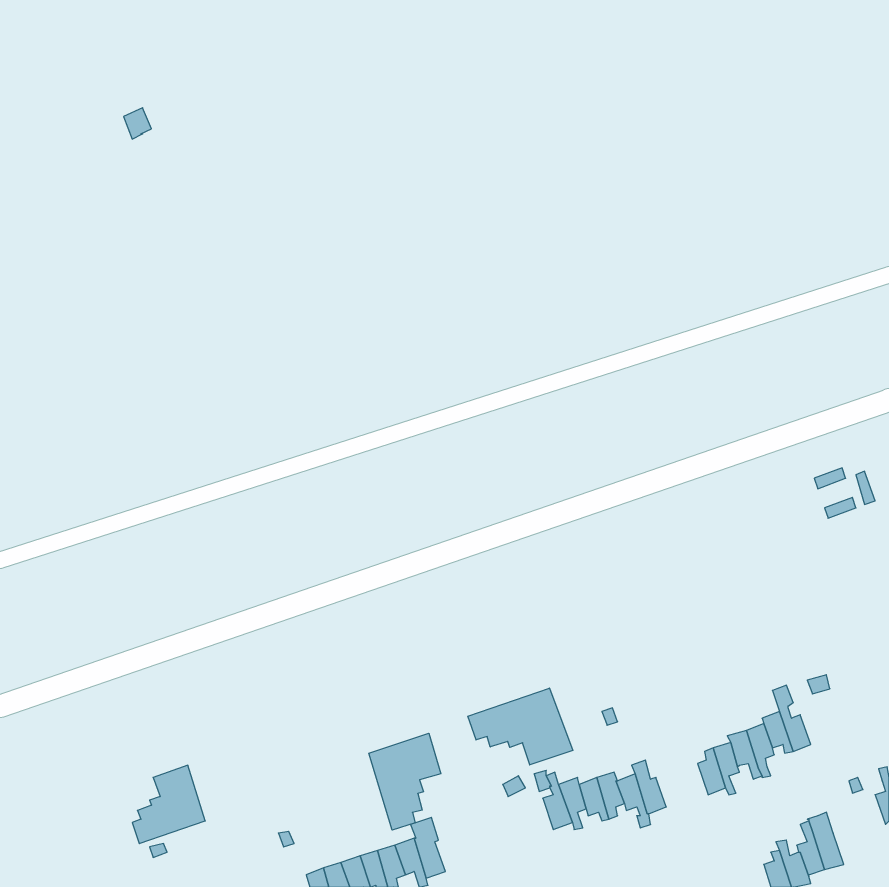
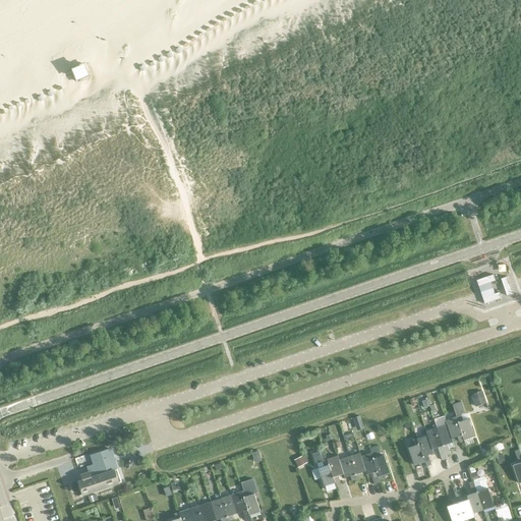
building: [468,688,573,765] -> none
building: [369,733,441,830] -> none

